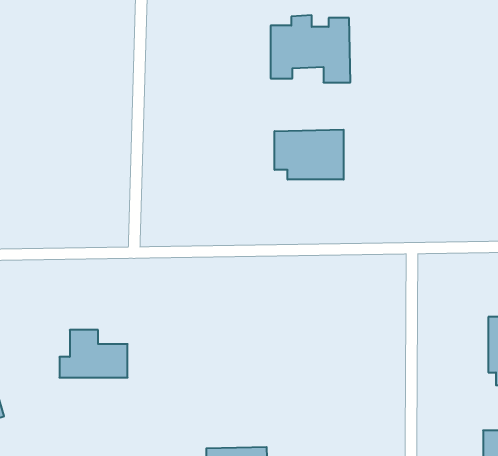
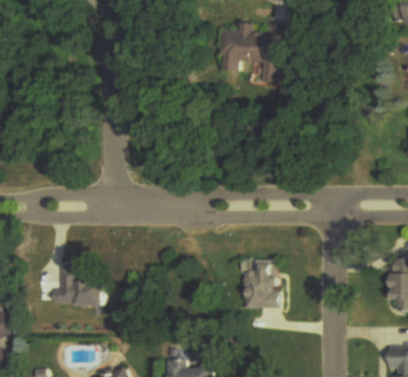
building: [275,130,344,180] -> none
building: none -> [241,260,278,308]

